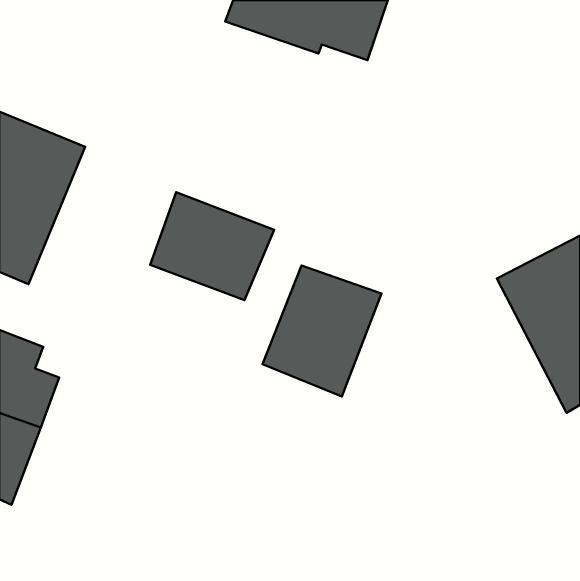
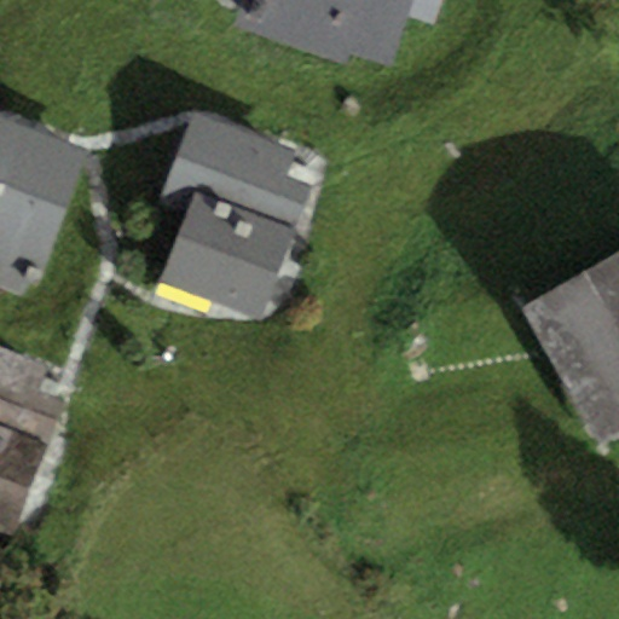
building: none -> [162,112,313,244]
building: [262,265,381,396] -> none

